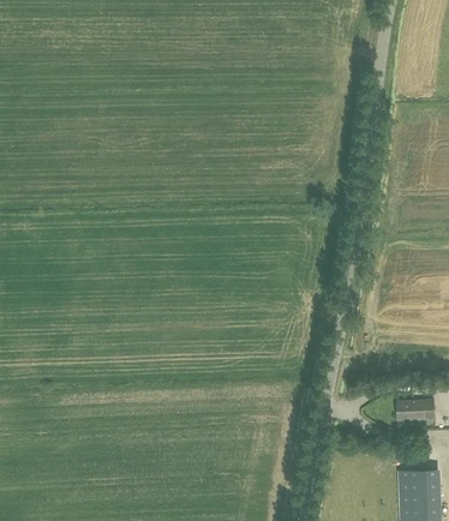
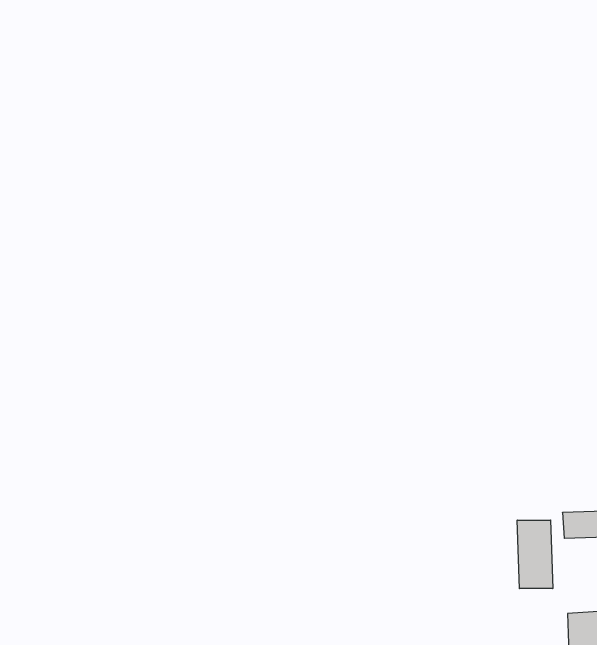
building: none -> [517,520,553,589]

